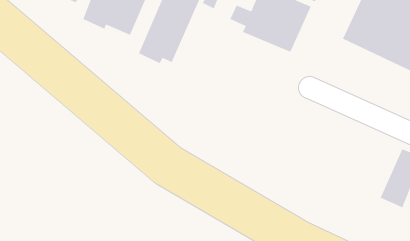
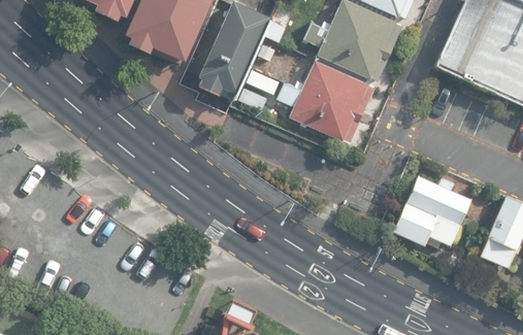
building: none -> [271,62,372,145]
building: none -> [392,176,473,245]

